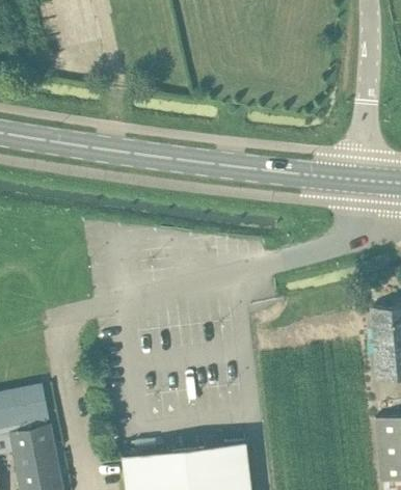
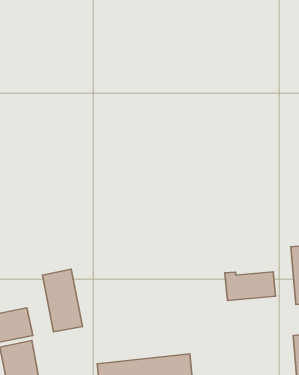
building: none -> [42,269,82,332]
building: none -> [225,272,275,300]

